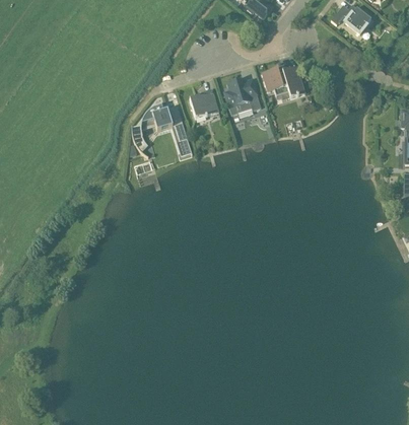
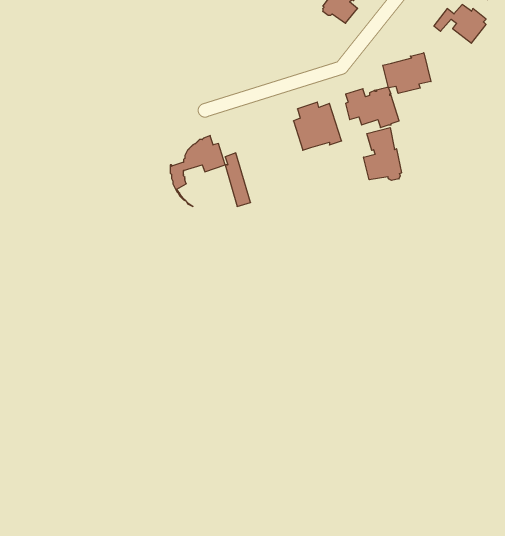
building: none -> [383,53,431,93]
building: [189,88,218,119] -> none
building: none -> [364,128,401,180]

